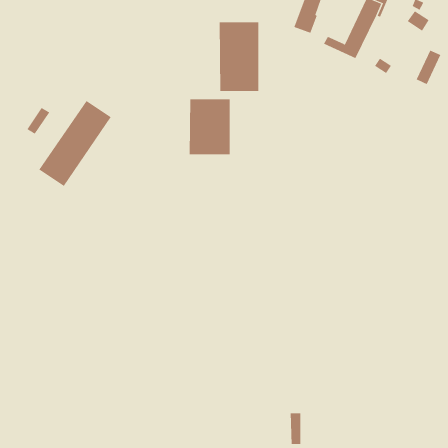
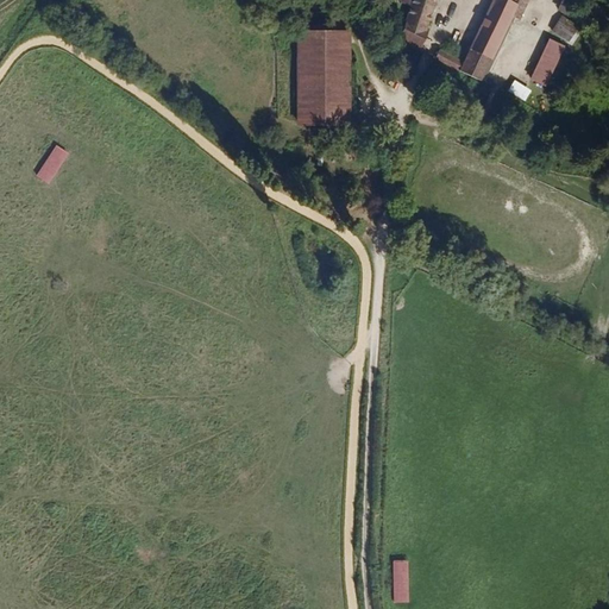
building: [416,50,441,85] -> [529,38,564,86]
building: [189,98,230,155] -> none
building: [38,100,111,187] -> none

